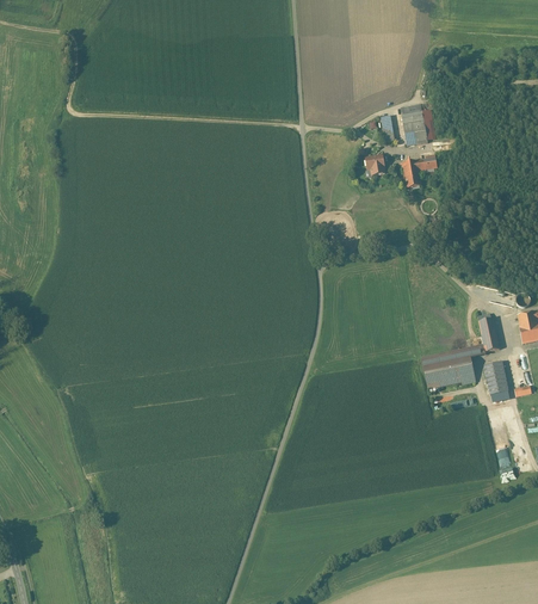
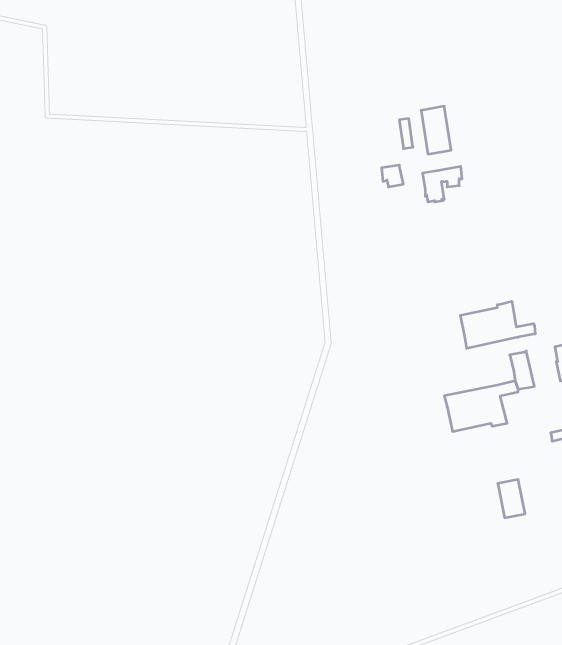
building: none -> [460,301,535,348]
building: [484,360,508,394] -> [498,480,525,518]

